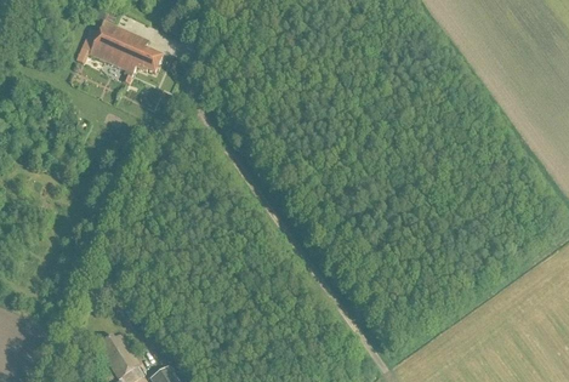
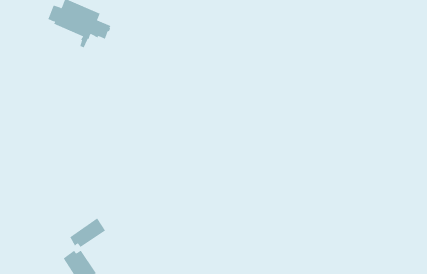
building: none -> [69,218,106,248]

